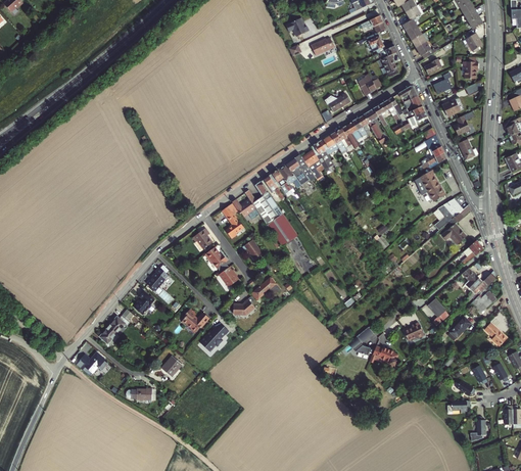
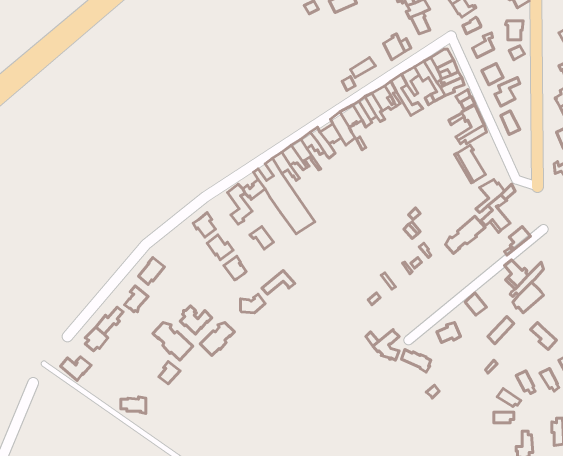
building: none -> [445,216,485,254]
building: none -> [153,322,193,360]

